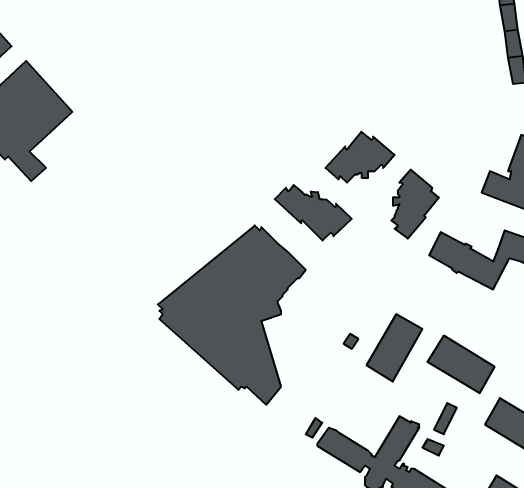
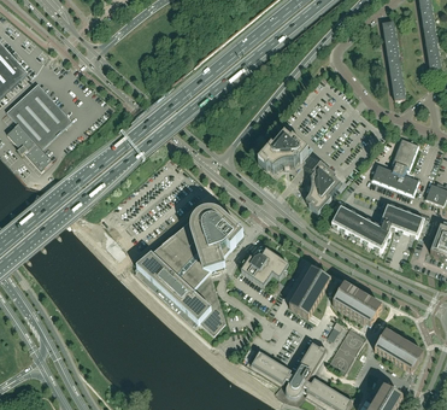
building: [275,185,352,241] -> none
building: none -> [241,248,289,285]

